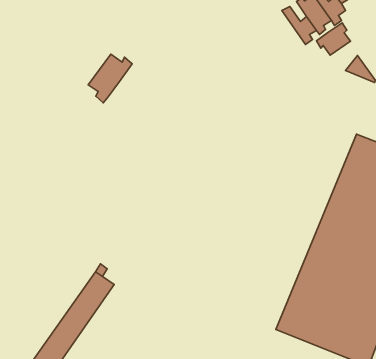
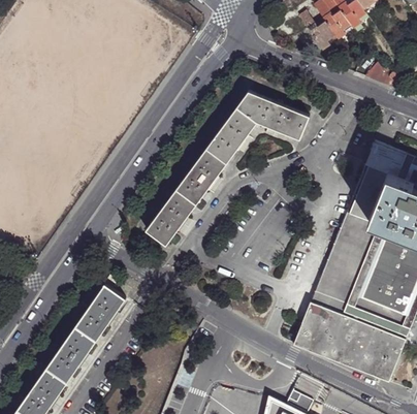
building: [316,23,350,55] -> none
building: [88,54,132,103] -> none
building: none -> [148,91,310,244]

